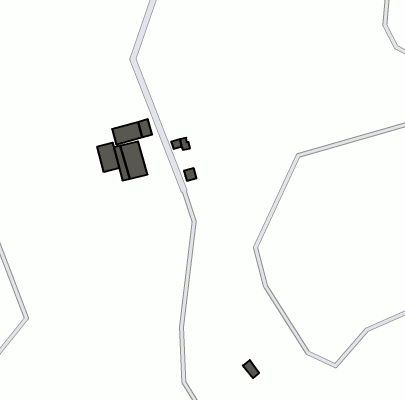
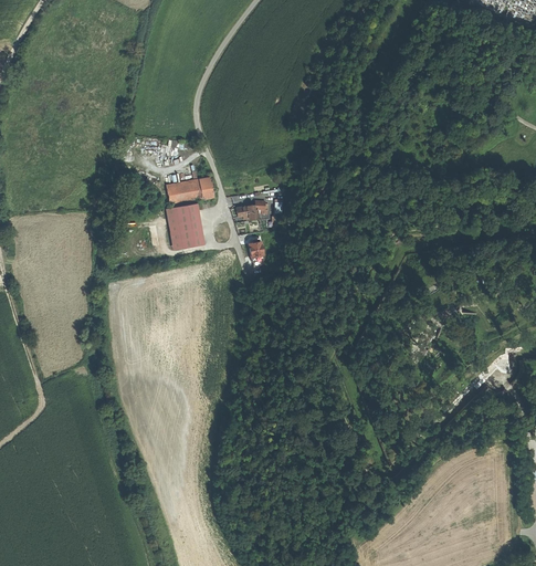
building: [97,143,119,172] -> none

